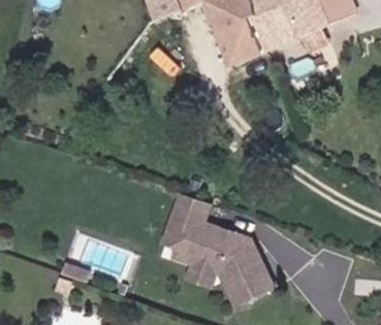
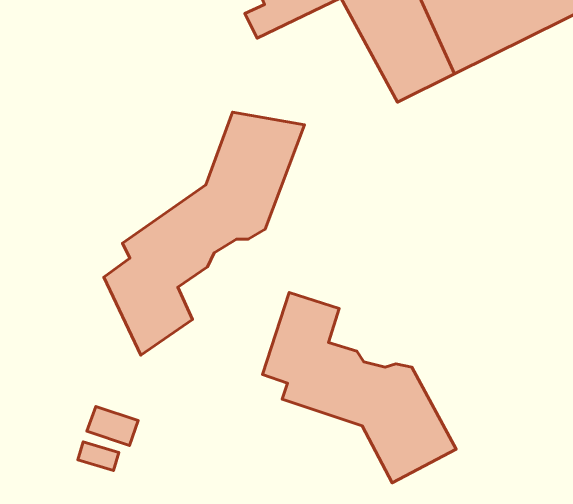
building: none -> [104,112,305,355]

